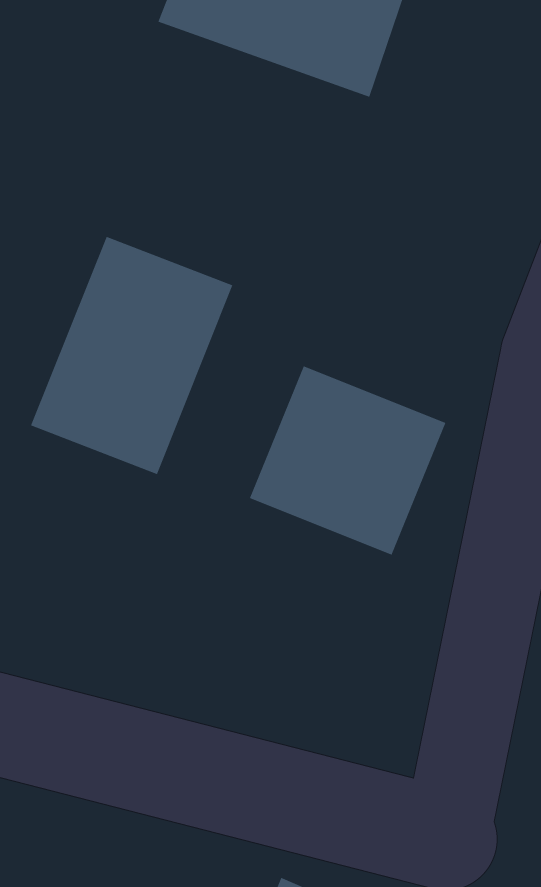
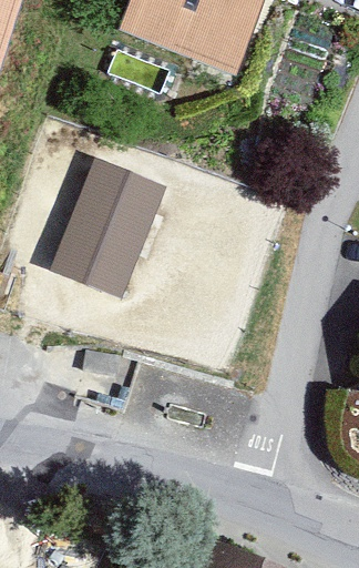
building: [249,366,446,555] -> none

